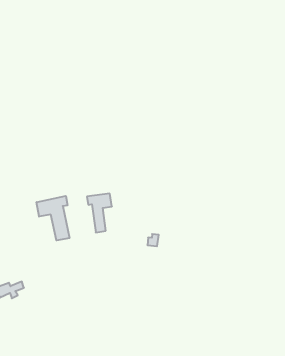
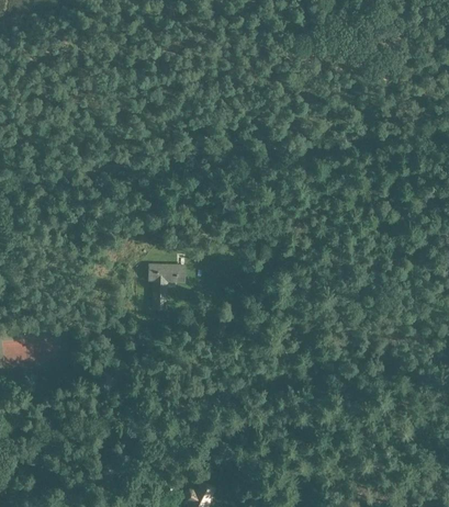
building: [37,196,69,240] -> none

